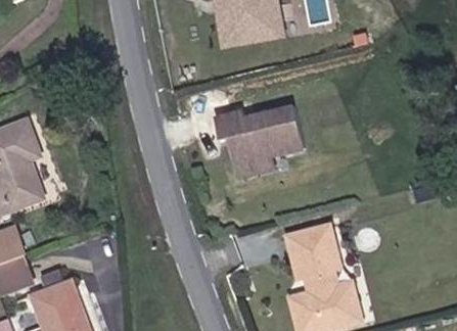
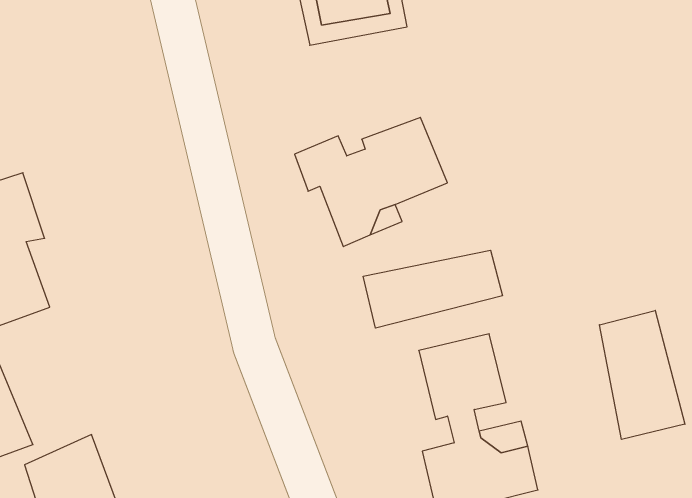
building: none -> [363,250,502,328]
building: none -> [599,310,685,439]

